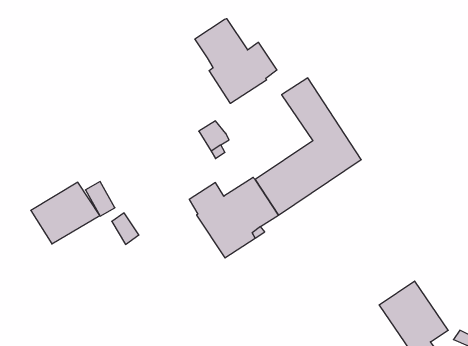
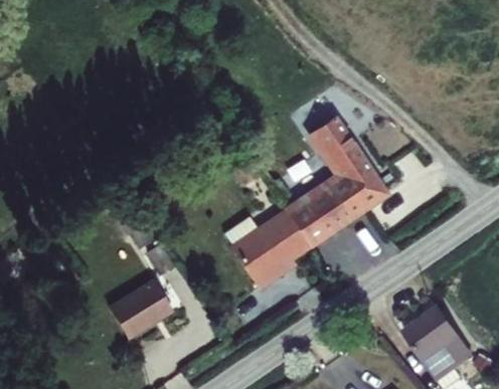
building: [195,19,277,103] -> none
building: [31,182,100,244] -> [109,279,175,339]

